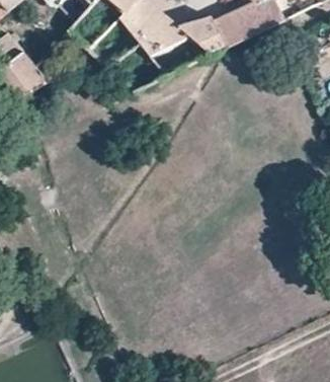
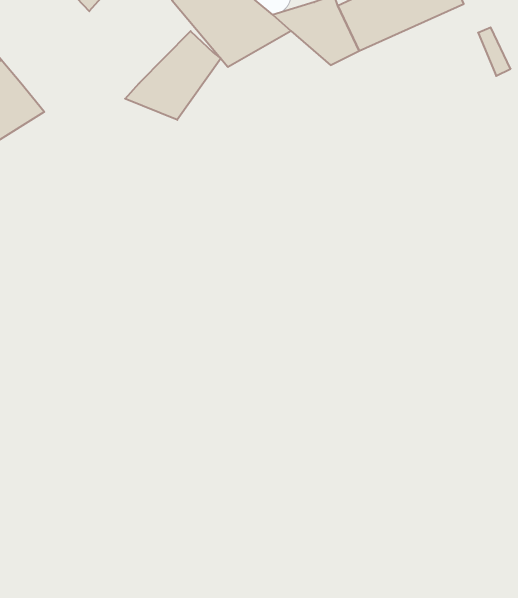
building: none -> [125,31,221,120]

